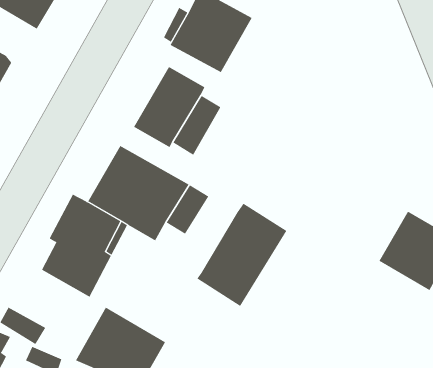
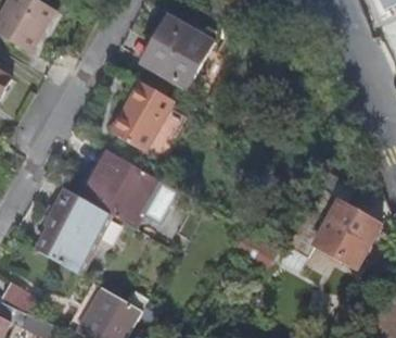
building: [196,203,287,307] -> none

